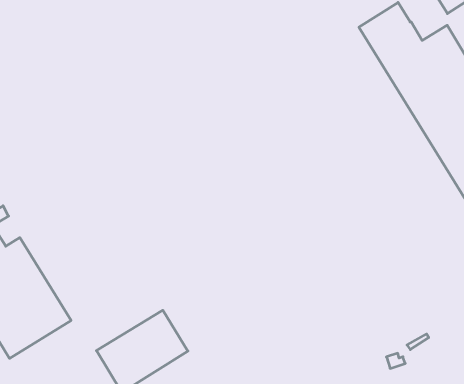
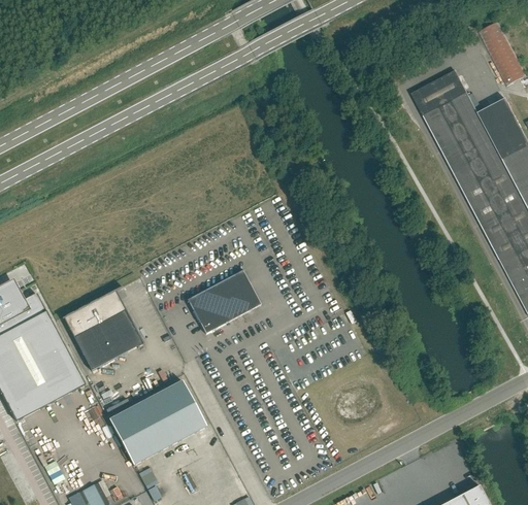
building: none -> [188,269,261,333]
building: none -> [62,290,144,370]

